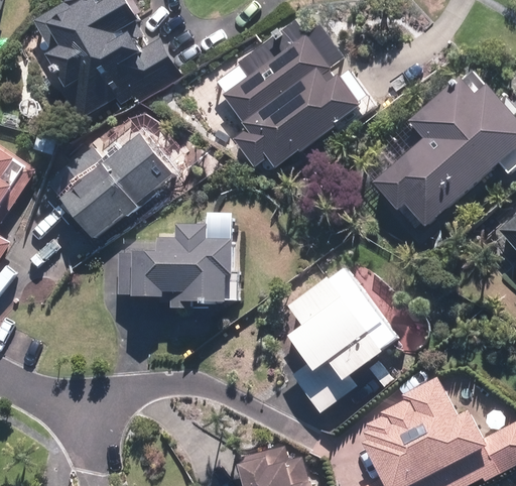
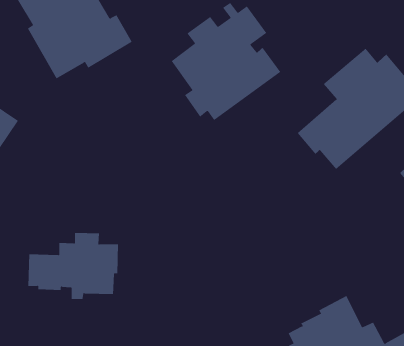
building: [62,136,170,237] -> none
building: [119,226,230,308] -> [28,232,119,300]
building: [286,265,401,411] -> none

